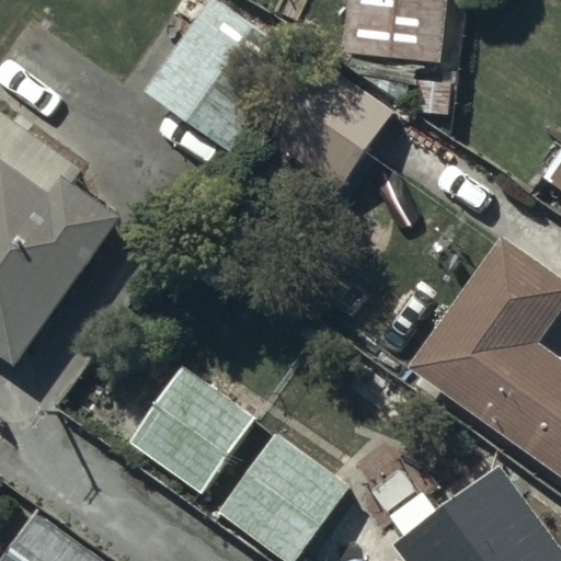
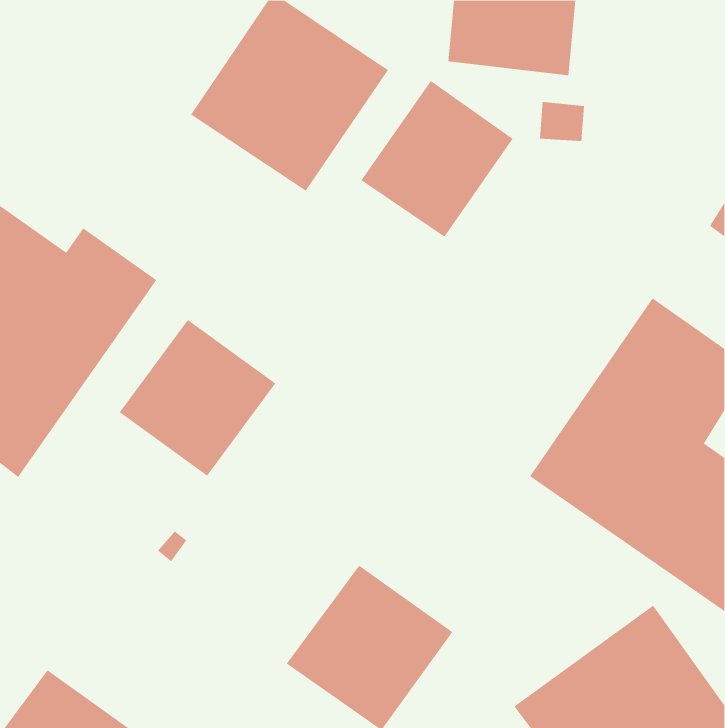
building: [131,369,252,490] -> [119,319,276,477]

